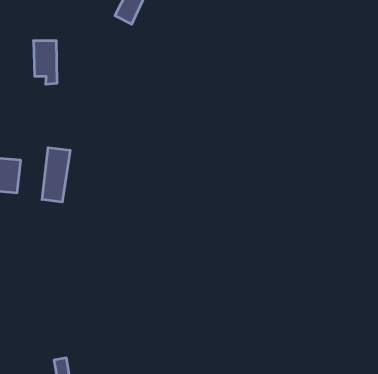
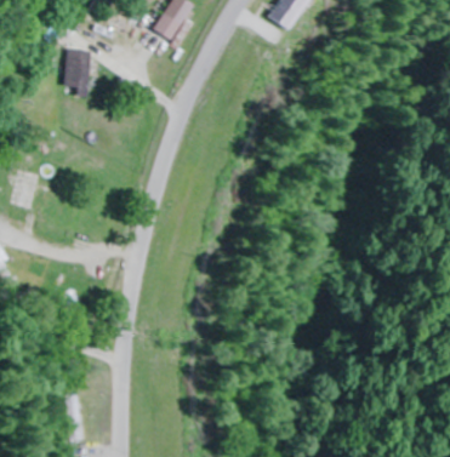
building: [42,148,70,202] -> none

